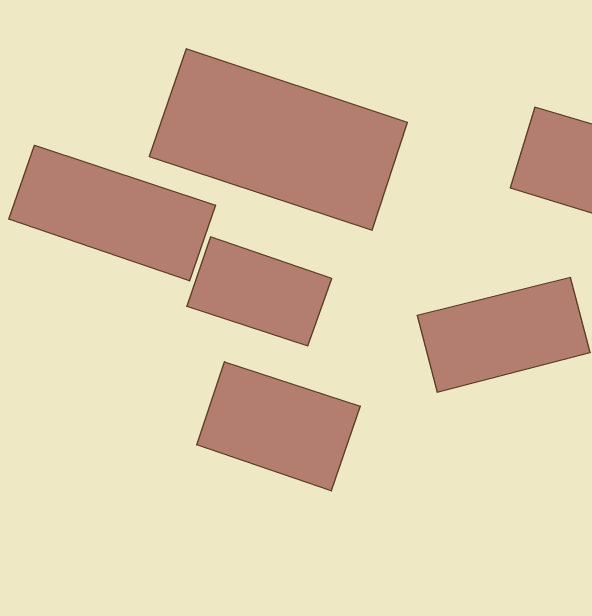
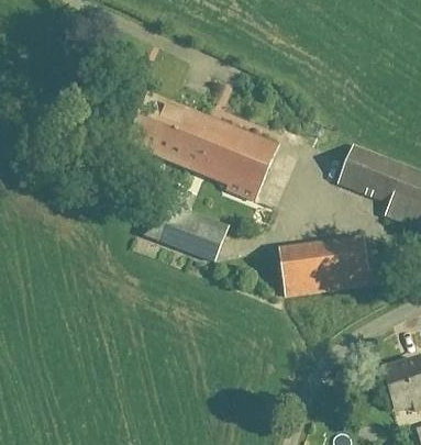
building: [9,145,215,281] -> none
building: [197,362,360,491] -> none

